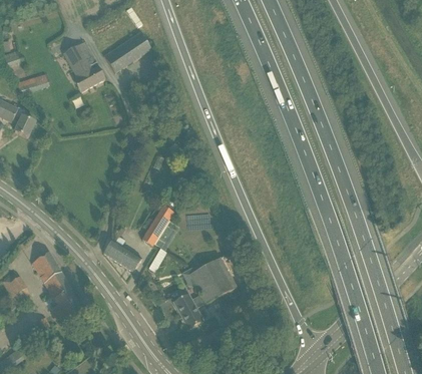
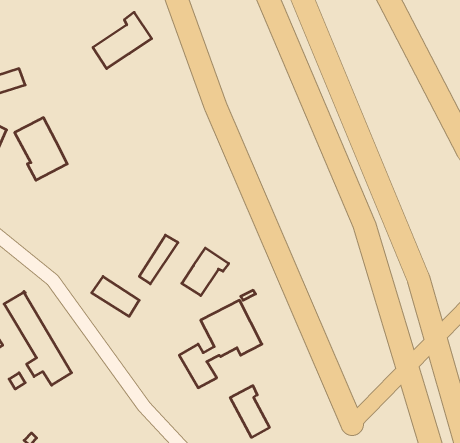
building: [62,41,104,91] -> [15,118,67,180]
building: none -> [182,248,229,296]
building: none -> [230,386,269,437]

